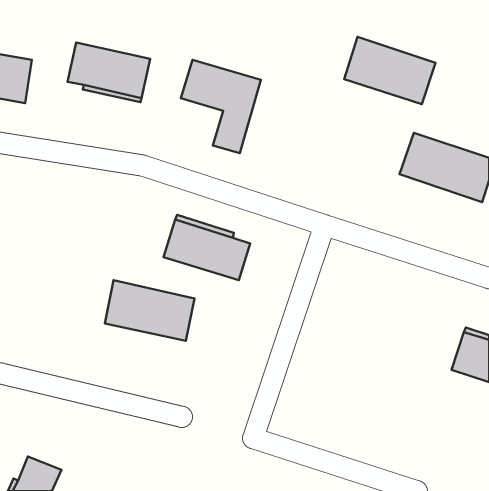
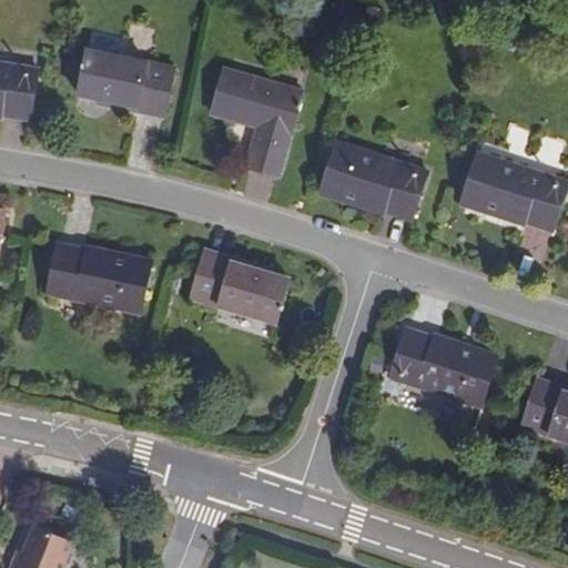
building: [344,37,435,104] -> [321,142,426,220]
building: [105,280,194,341] -> [47,243,150,313]
building: none -> [389,328,495,407]

